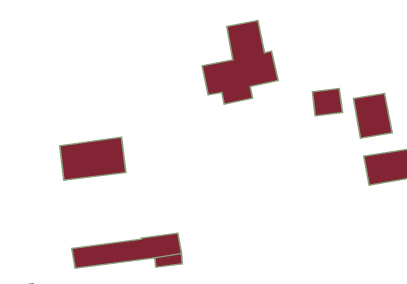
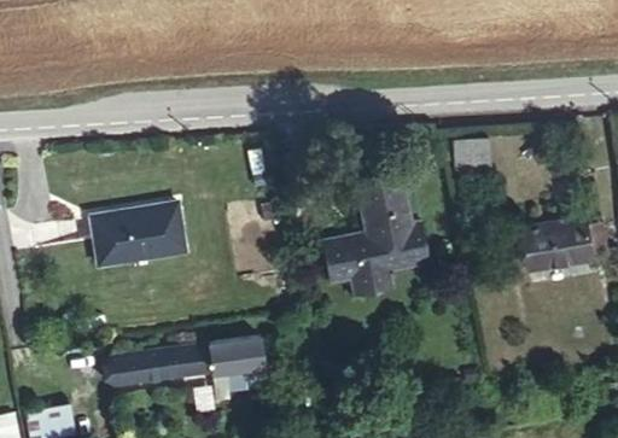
building: [202,20,278,104] -> [321,177,428,296]
building: [353,93,392,138] -> none

